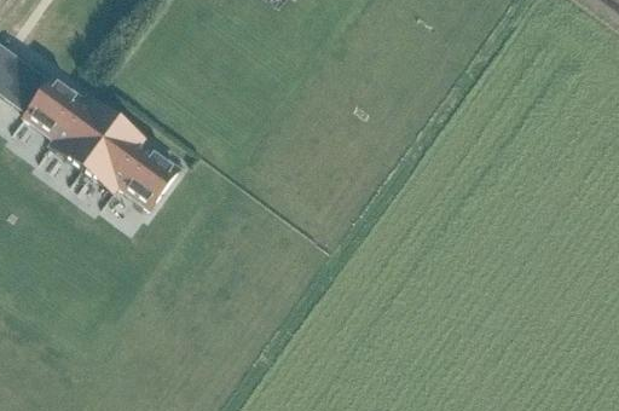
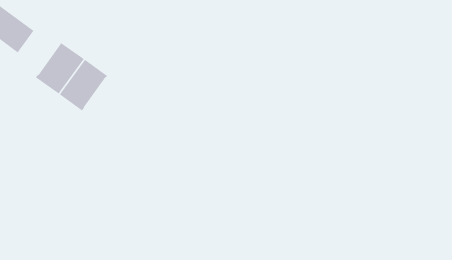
building: [21,74,81,138] -> none
building: [115,143,177,205] -> none

